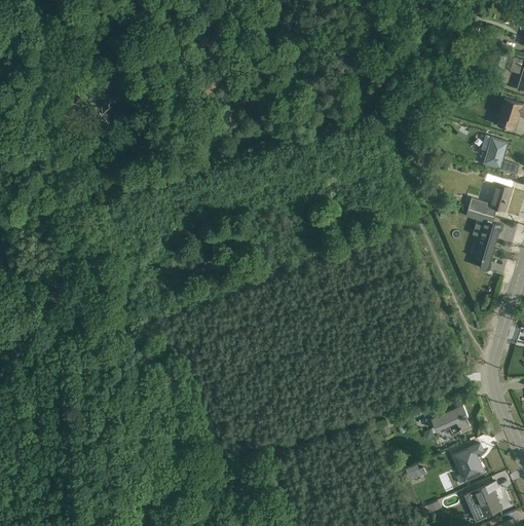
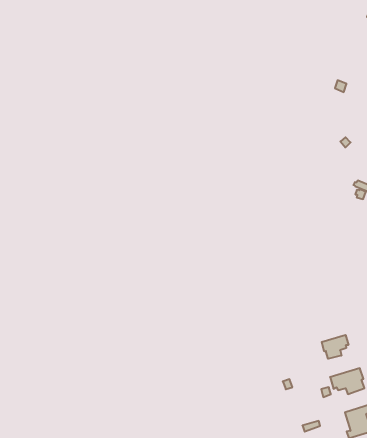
building: none -> [322,335,348,359]

